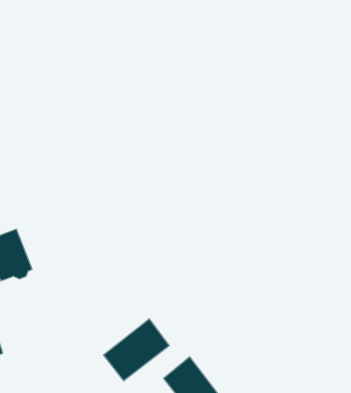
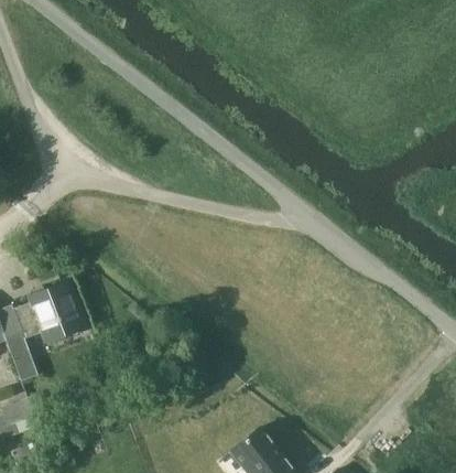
building: [104,319,169,381] -> none

